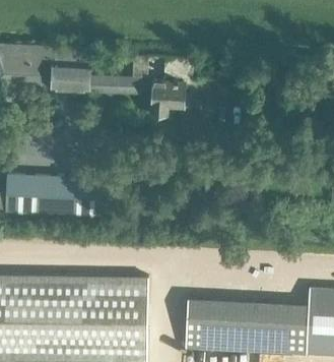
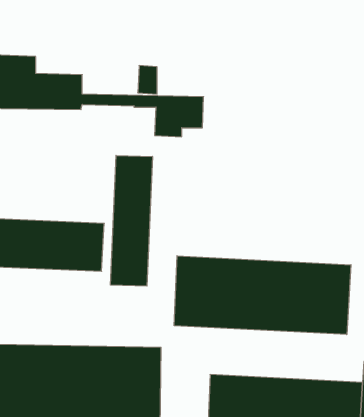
building: none -> [111,155,152,286]
building: none -> [174,256,351,335]

